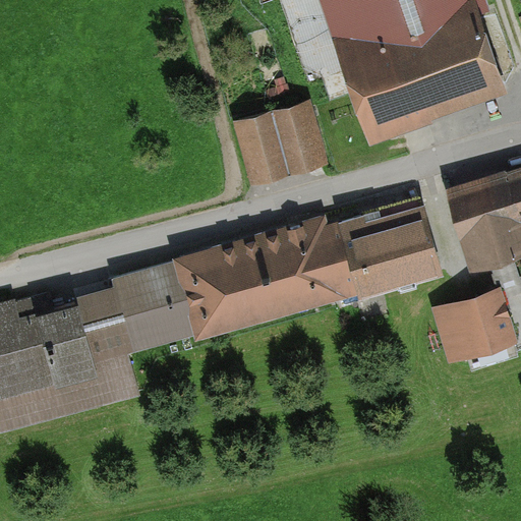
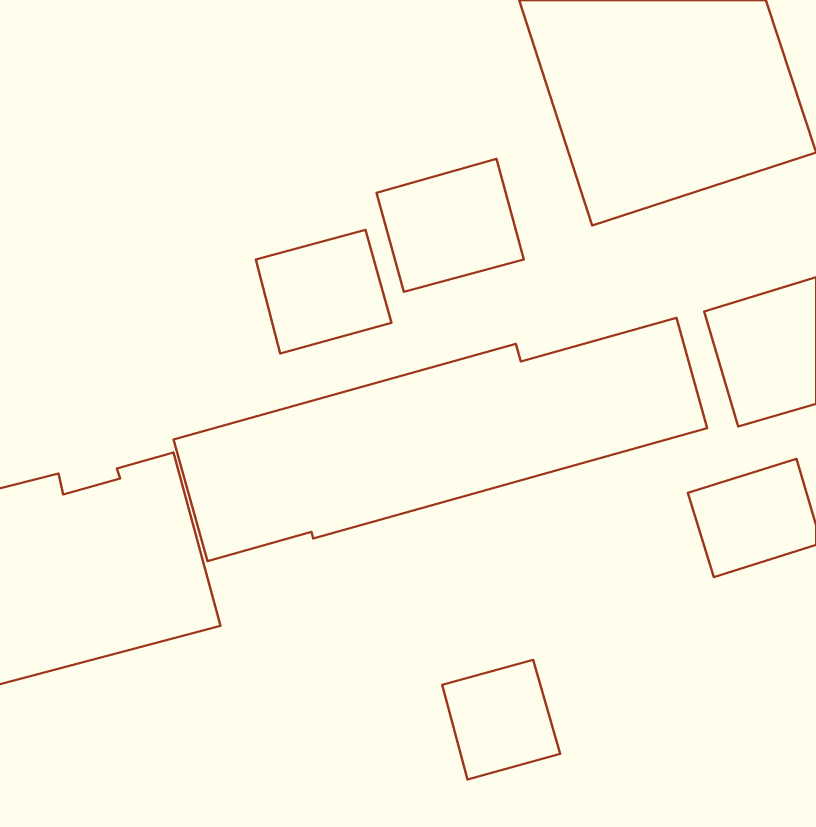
building: none -> [256,230,391,353]
building: none -> [442,660,560,780]

